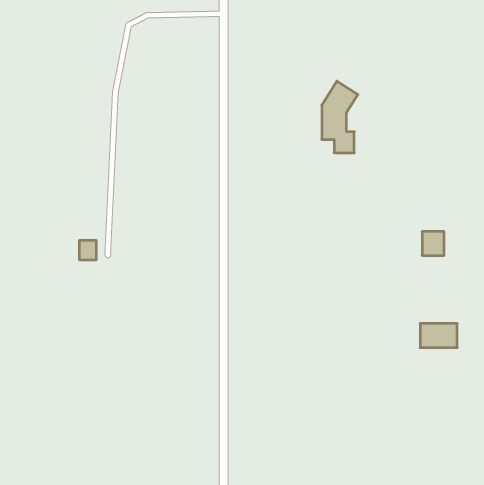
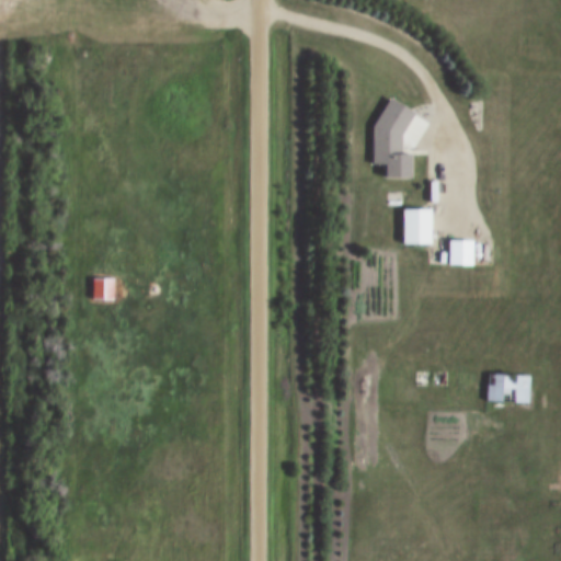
building: none -> [403,208,435,244]
building: [422,232,444,255] -> [449,239,474,266]

